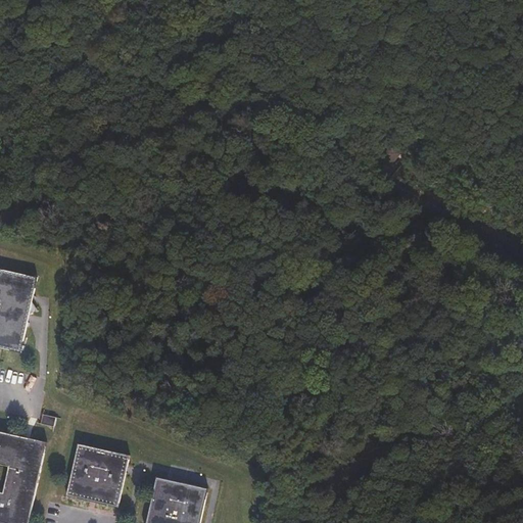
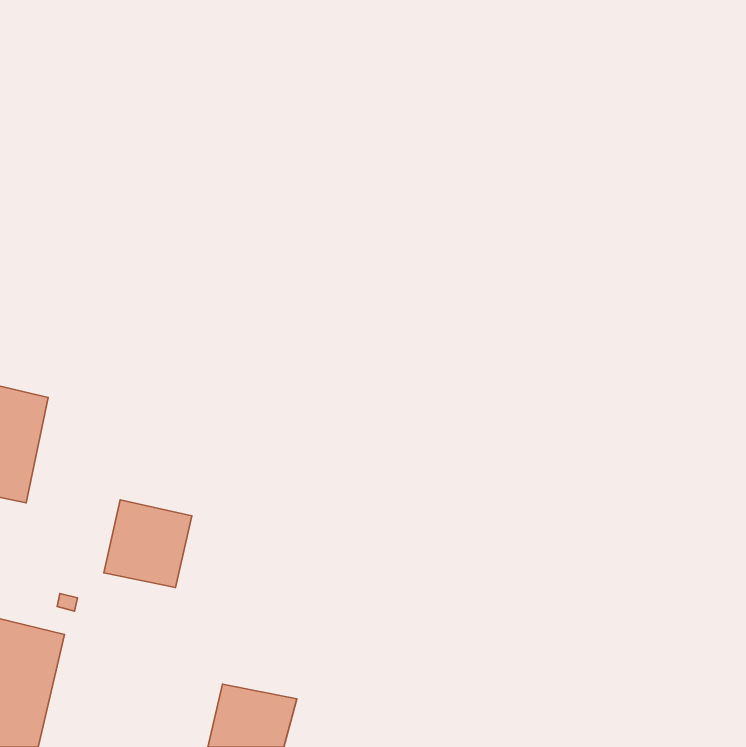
building: [67,444,129,506] -> [104,500,192,587]

